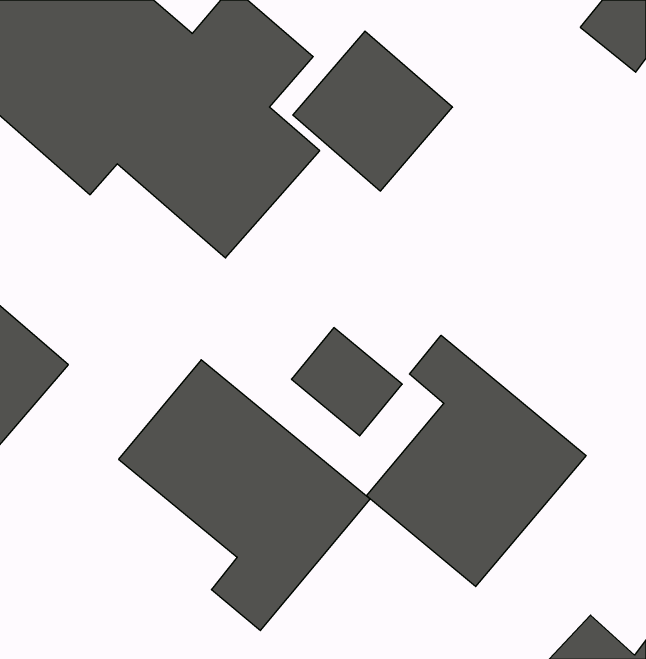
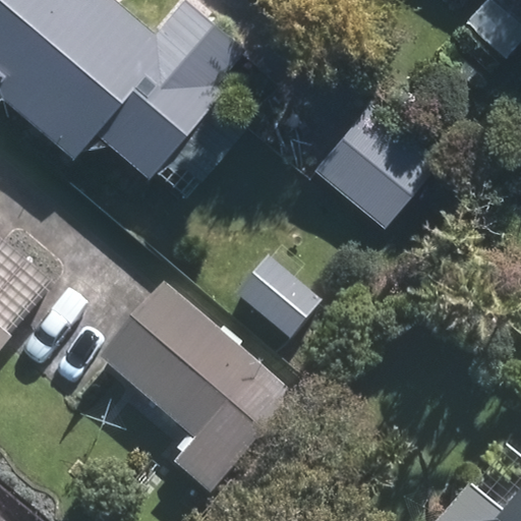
building: [293,31,453,191] -> [311,99,438,225]
building: [366,335,586,587] -> none

